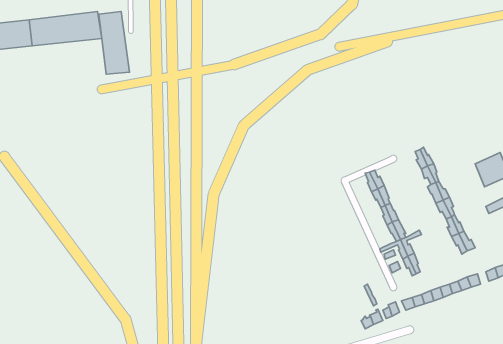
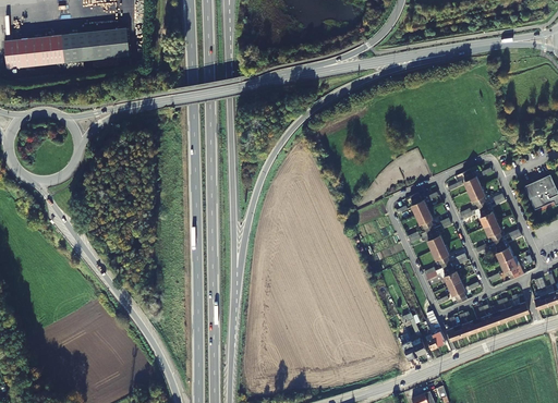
building: [99,11,129,74] -> none

